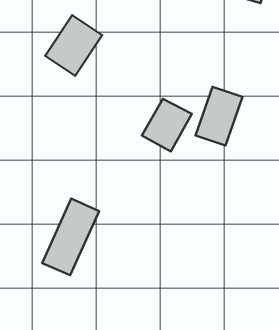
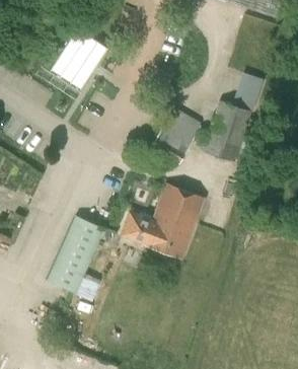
building: none -> [232,70,263,100]
building: none -> [121,182,205,257]

